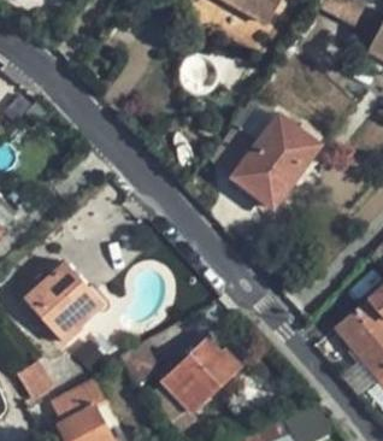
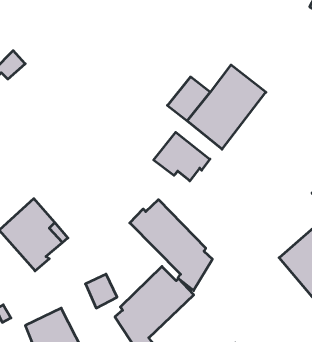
building: none -> [154,132,210,181]
building: none -> [130,200,212,291]

